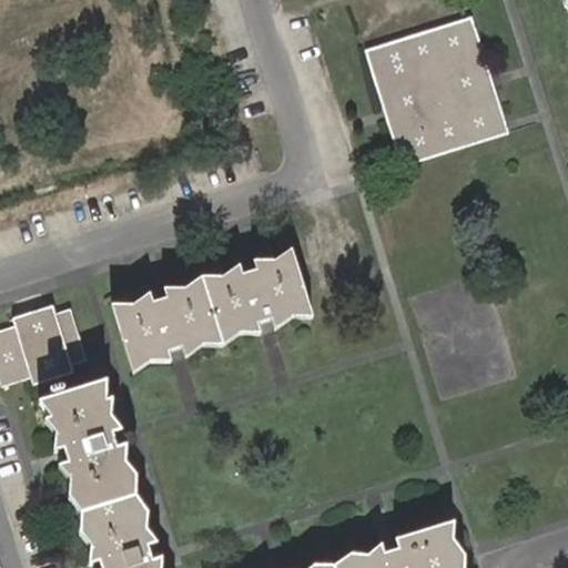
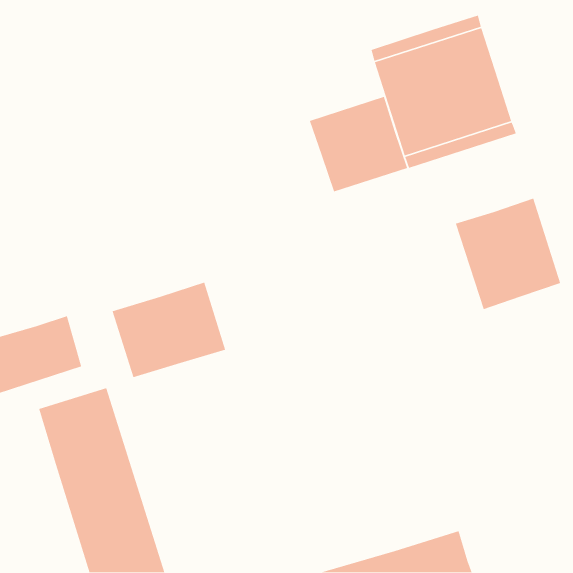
building: none -> [309,96,408,193]
building: none -> [455,198,561,310]
building: [202,251,311,345] -> none

